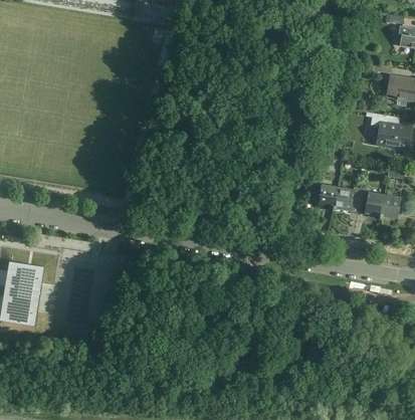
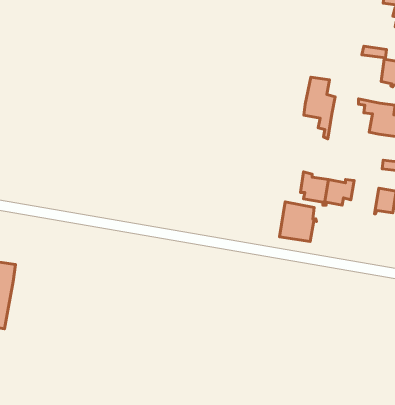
building: none -> [304,77,335,139]
building: [358,187,384,218] -> none
building: none -> [279,202,316,242]

